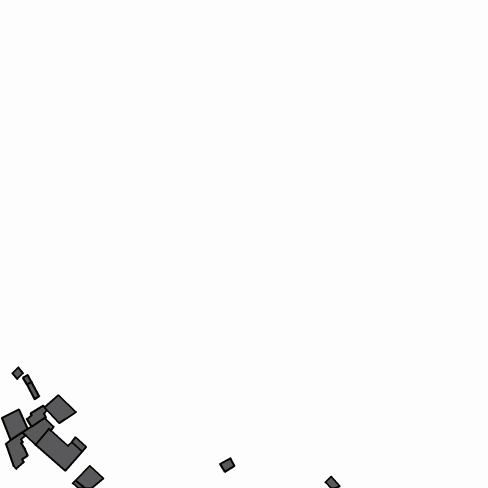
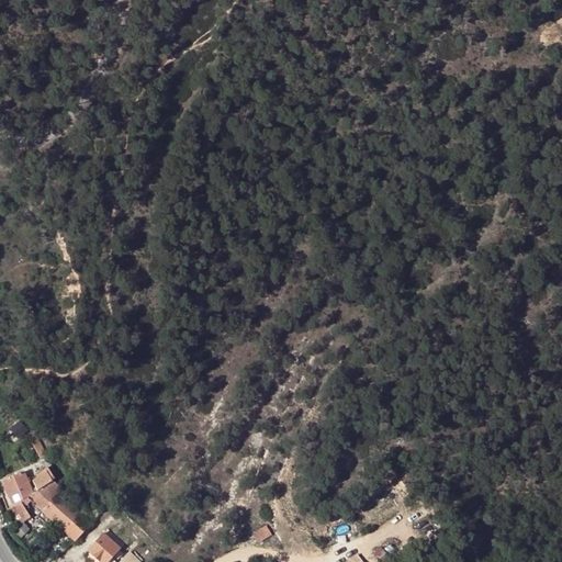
building: [44,395,76,423] -> none

